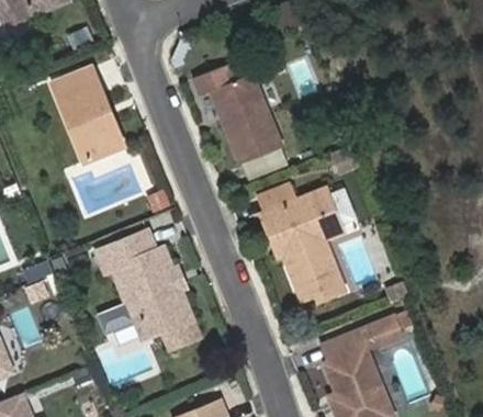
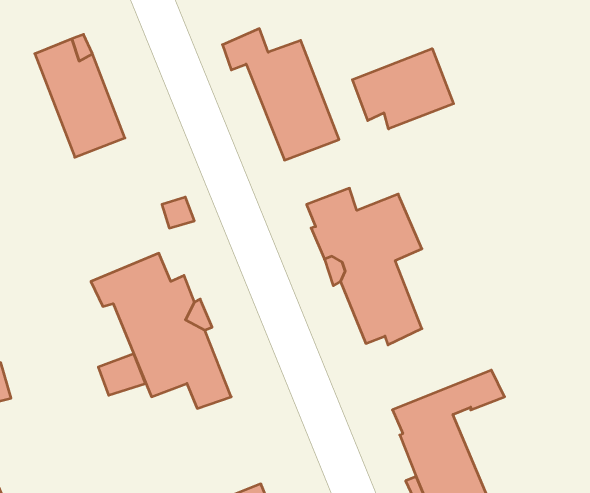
building: none -> [352,49,454,129]

